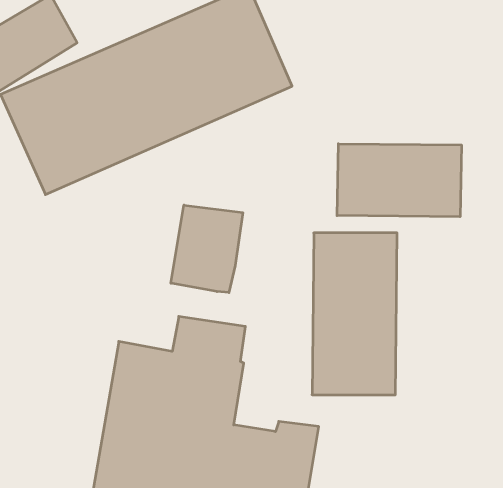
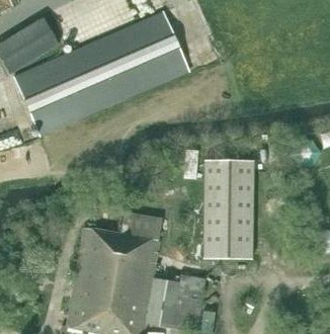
building: [337,144,461,217] -> none
building: [171,205,243,293] -> none

